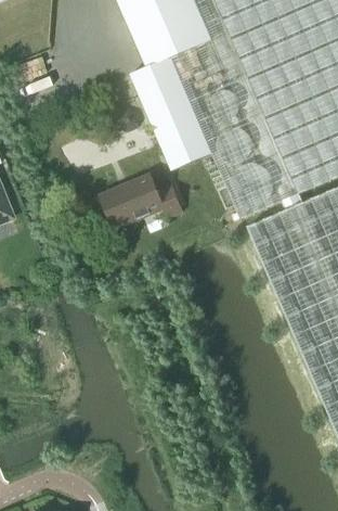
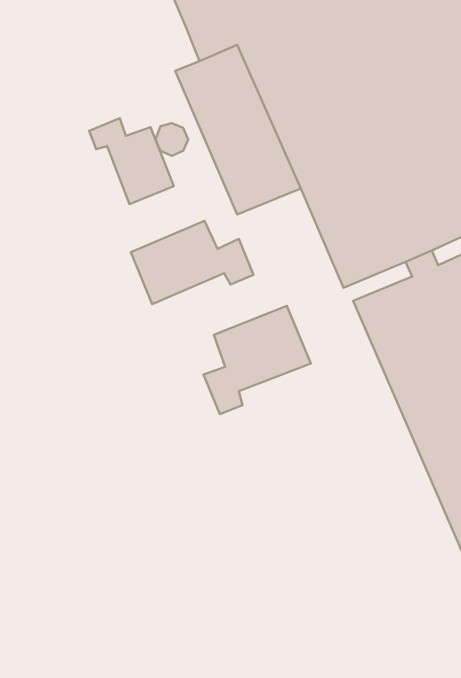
building: none -> [89,118,174,204]
building: none -> [203,306,311,414]

